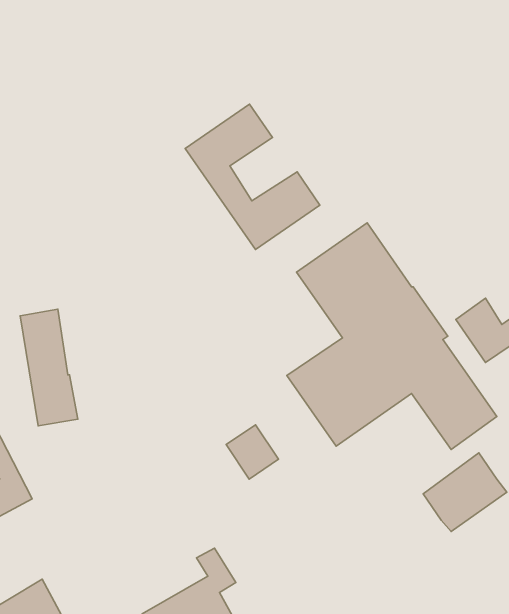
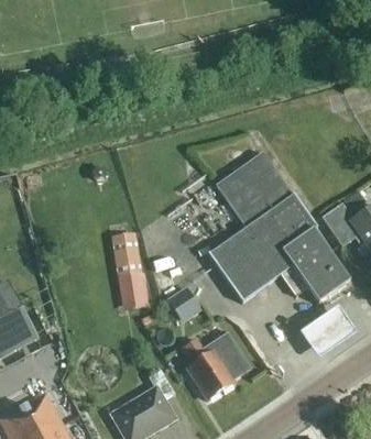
building: [185,104,320,249] -> none
building: [20,309,78,426] -> [110,230,149,308]
building: none -> [182,333,249,398]

